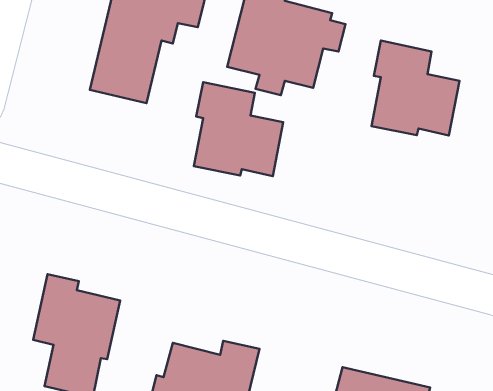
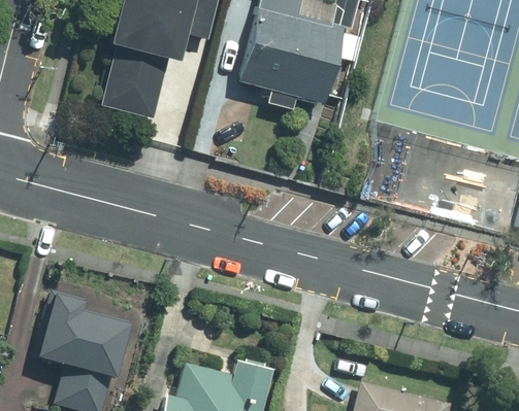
building: [371,41,459,135] -> none
building: [194,82,283,176] -> none

